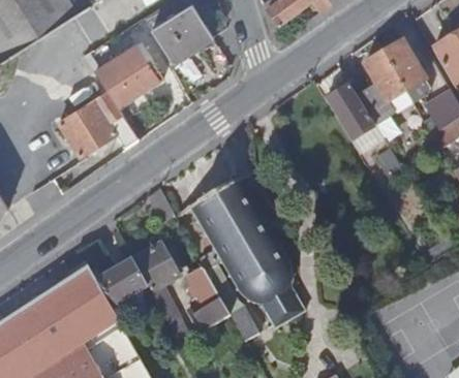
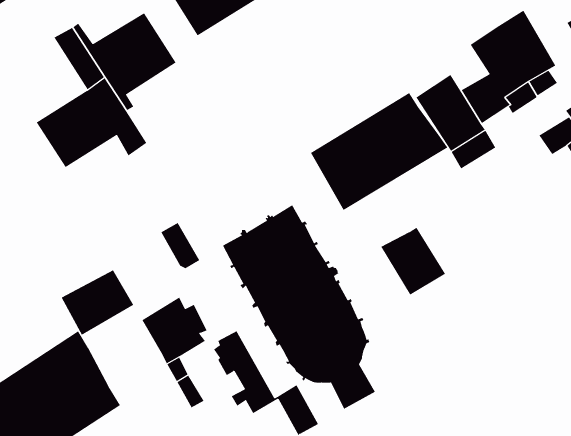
building: none -> [310,92,448,211]
building: none -> [380,227,446,296]
building: [96,259,148,306] -> [61,270,134,336]

